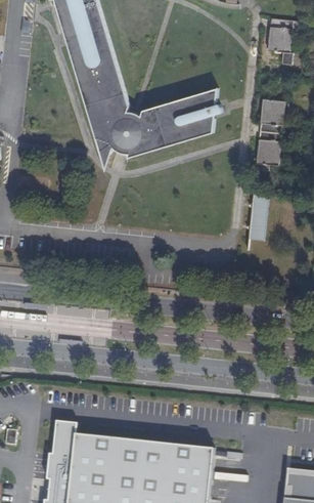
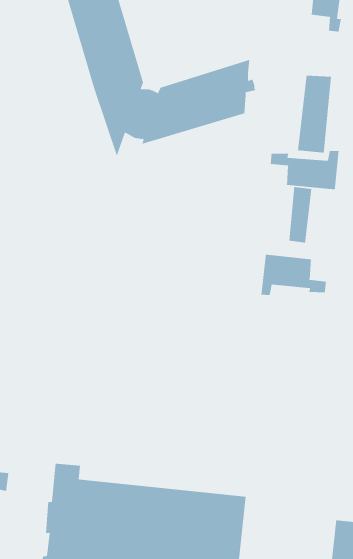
building: none -> [270,150,339,190]
building: none -> [261,254,326,296]

